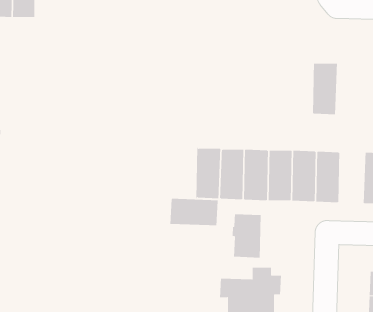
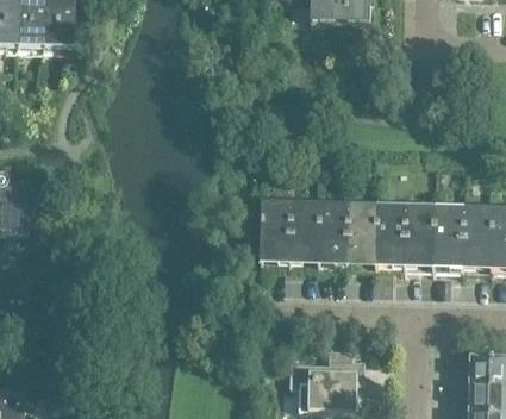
building: [312,61,338,115] -> [435,205,466,269]
building: [170,198,219,226] -> none
building: [232,213,261,258] -> none

